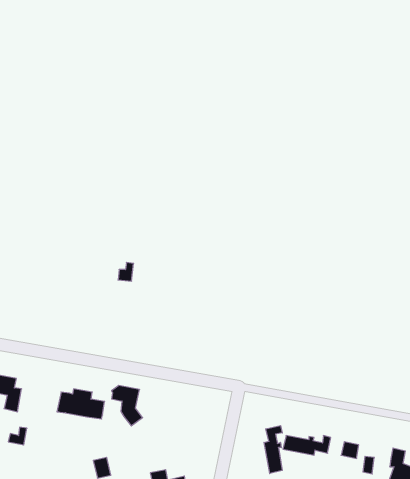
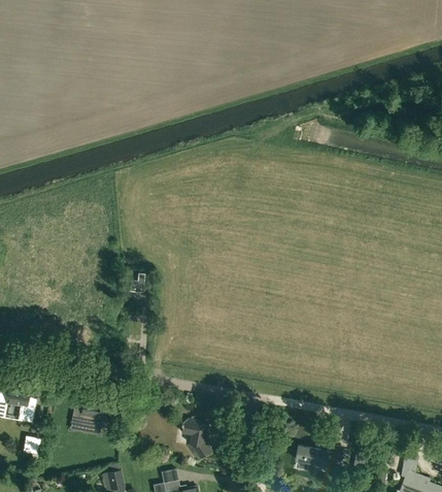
building: [112,386,143,426] -> [181,419,212,459]
building: [264,426,282,474] -> none

